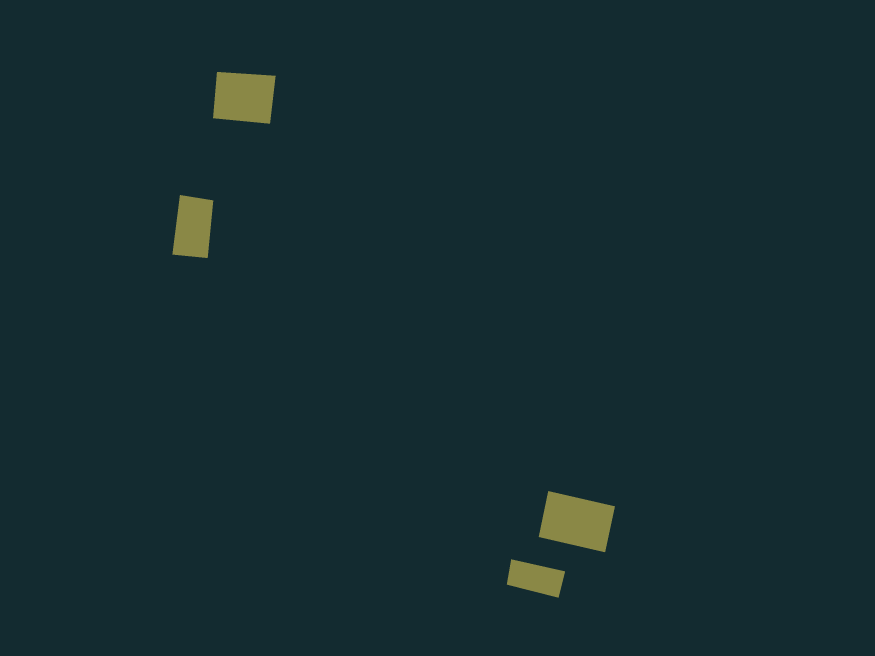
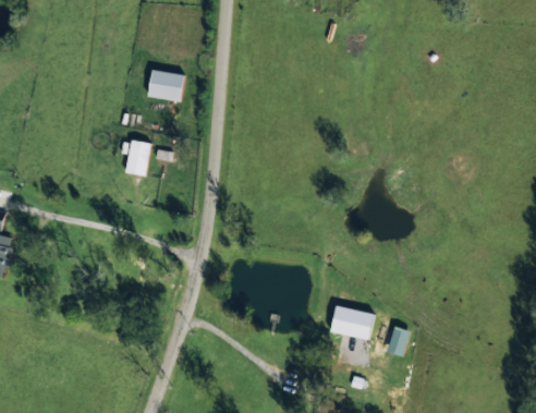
building: none -> [386,326,410,356]
building: [506,558,566,598] -> none

